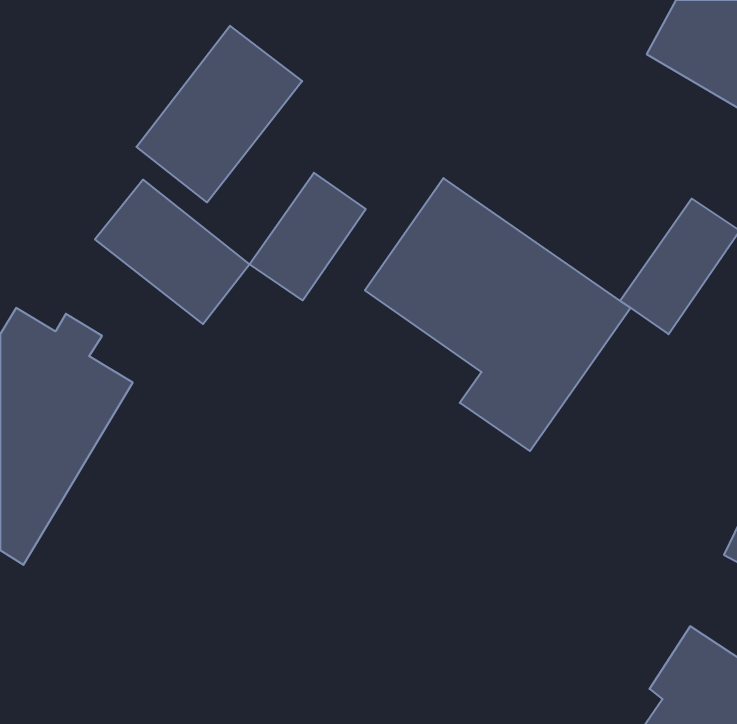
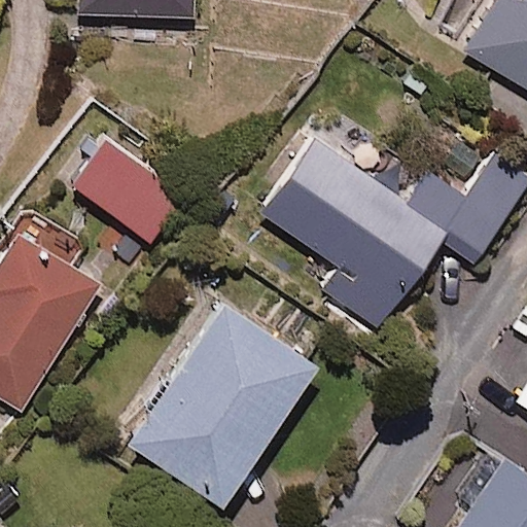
building: [136,26,302,202] -> none
building: [250,173,366,300] -> none
building: none -> [125,296,312,501]

